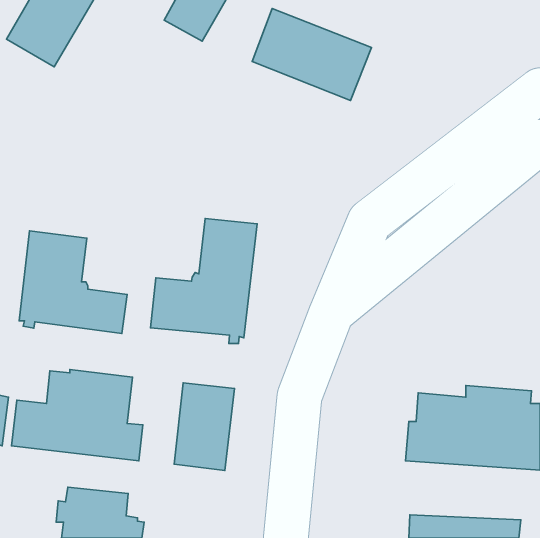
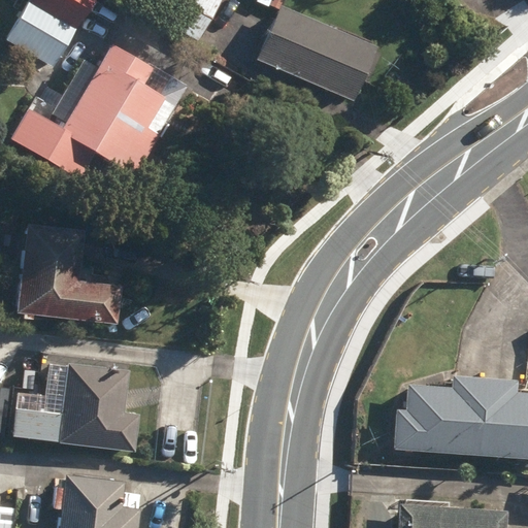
building: none -> [11,44,189,184]
building: [151,219,257,343] -> none
building: [174,383,234,470] -> none

